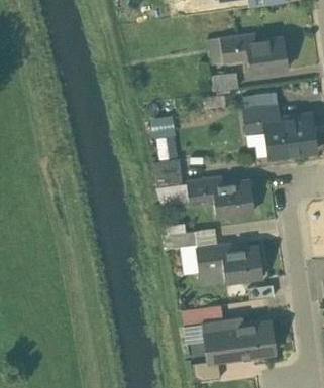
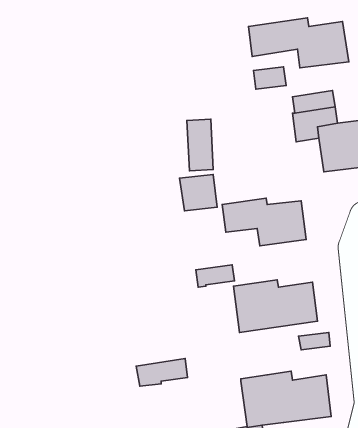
building: [182,306,223,329] -> [136,359,188,386]

